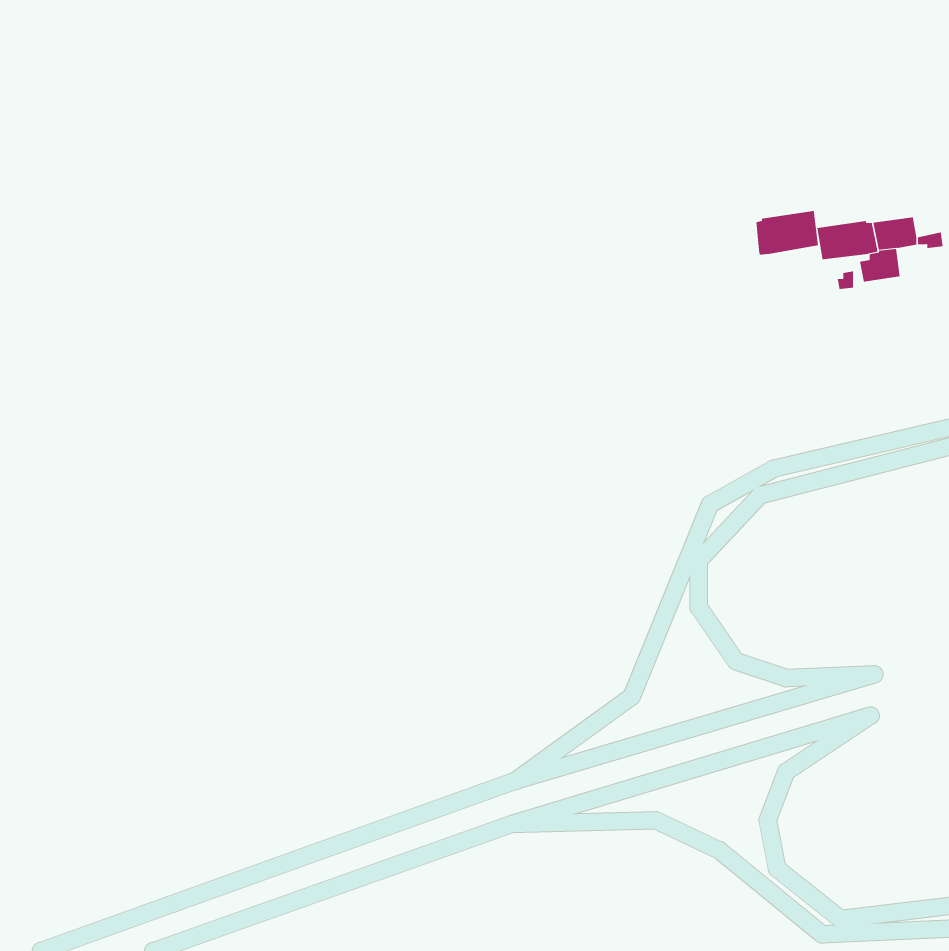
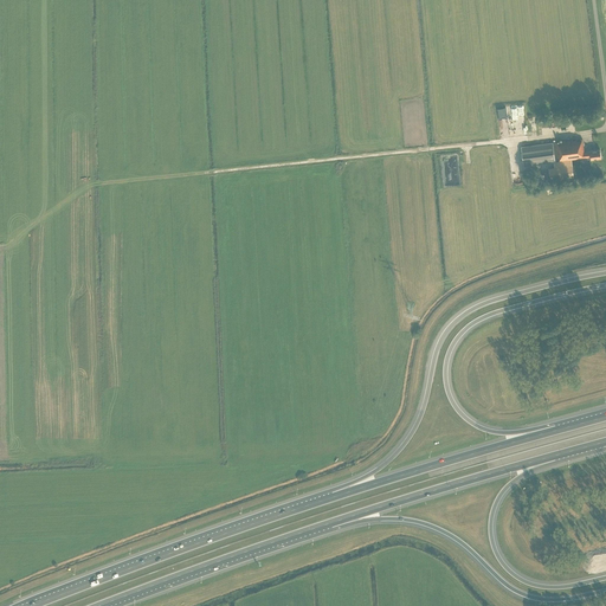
building: [756,210,819,255] -> none

